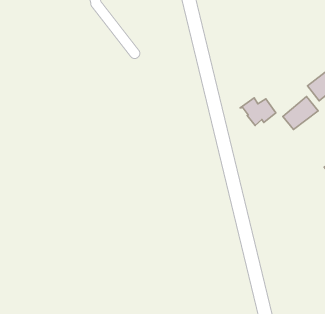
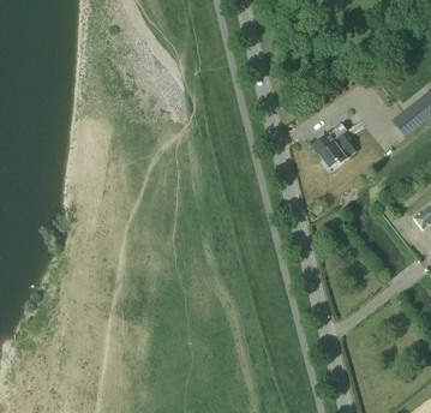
building: [283,96,318,130] -> none

